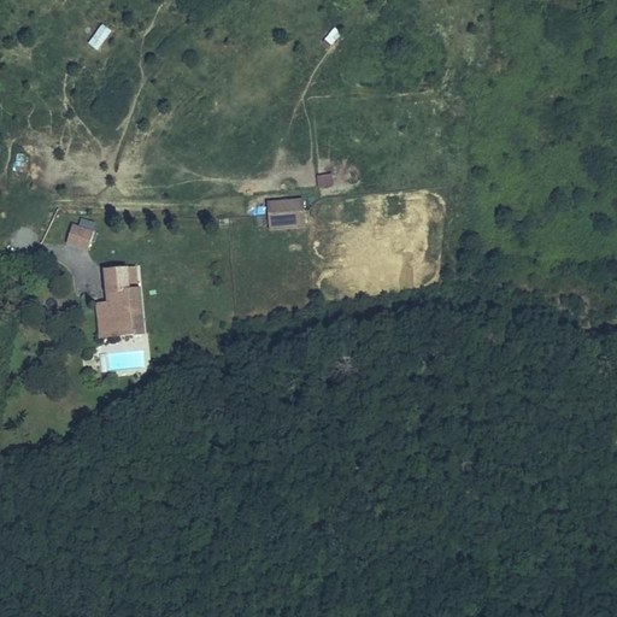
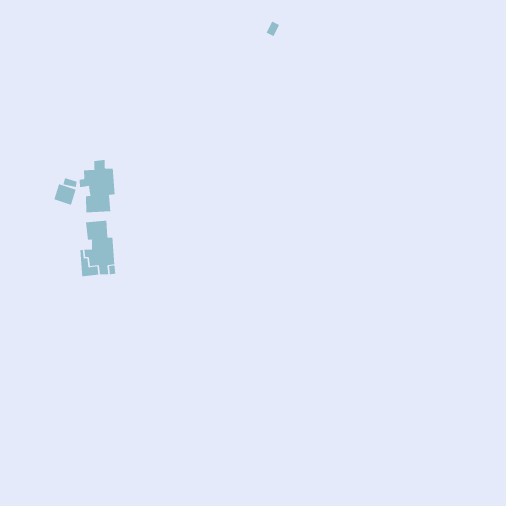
building: none -> [79,159,115,213]
building: [268,200,302,224] -> none

